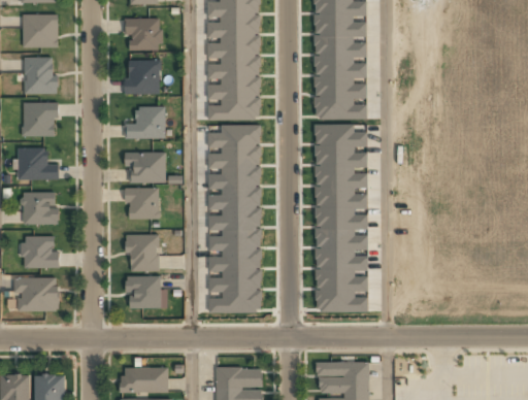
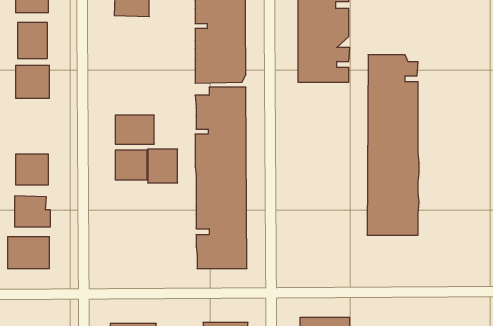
building: [125,61,160,94] -> none
building: [124,107,165,139] -> none
building: [316,124,369,310] -> [367,55,419,235]
building: [15,146,59,179] -> none
building: [128,235,159,270] -> [148,149,178,183]
building: [127,276,161,308] -> none

